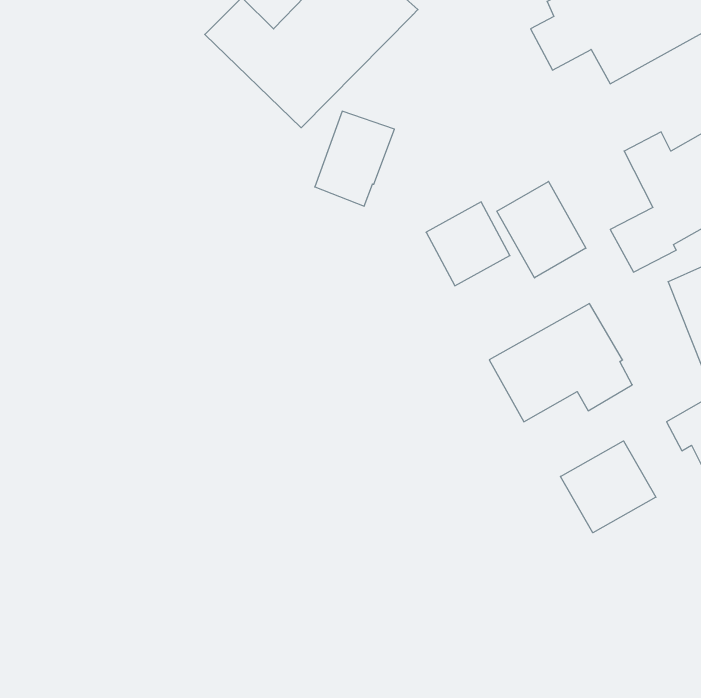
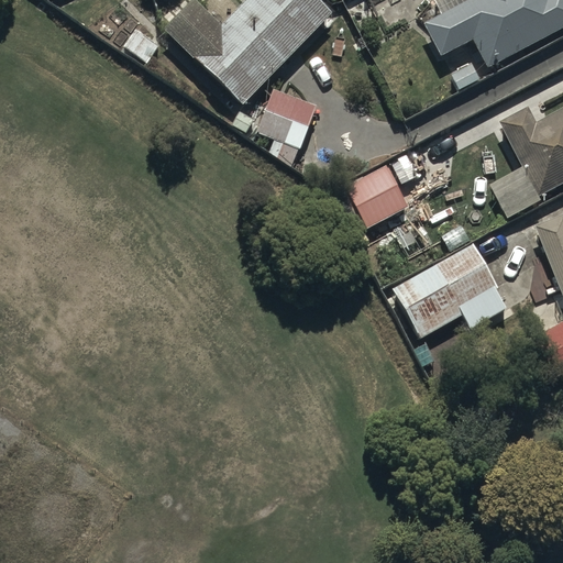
building: [497,181,586,278] -> none
building: [560,441,656,533] -> none

